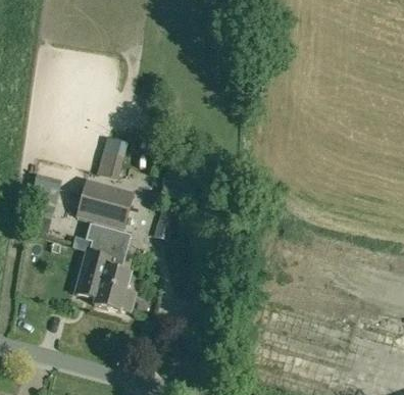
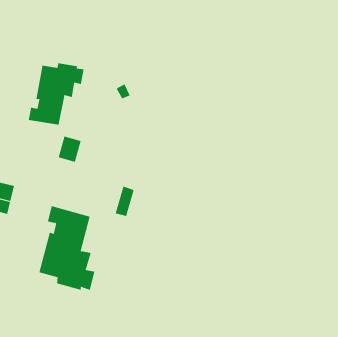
building: none -> [28,62,84,125]
building: [77,180,133,228] -> none

